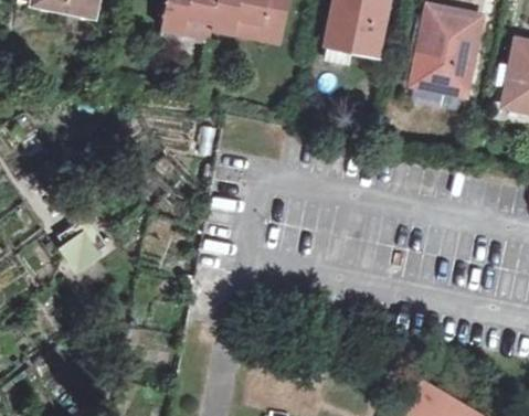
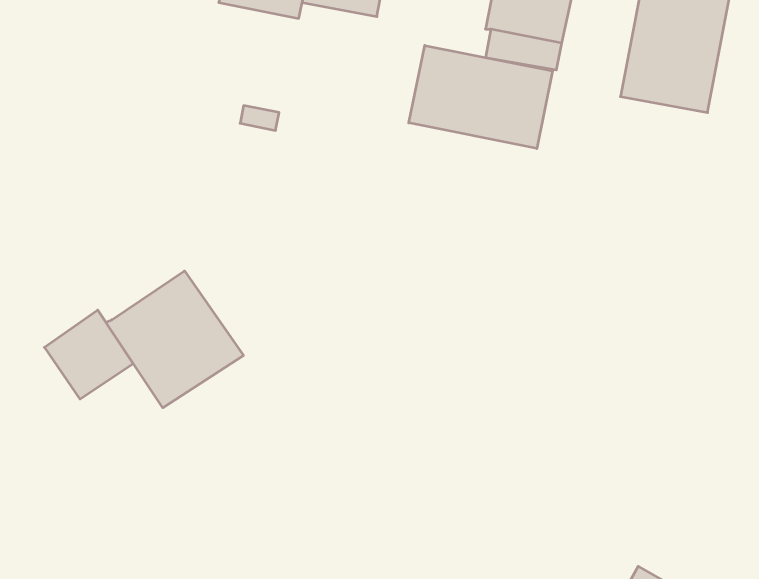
building: none -> [409,45,553,149]
building: none -> [106,271,243,408]

